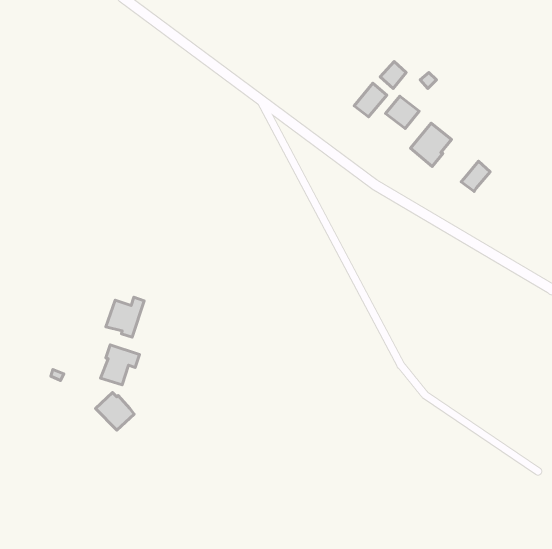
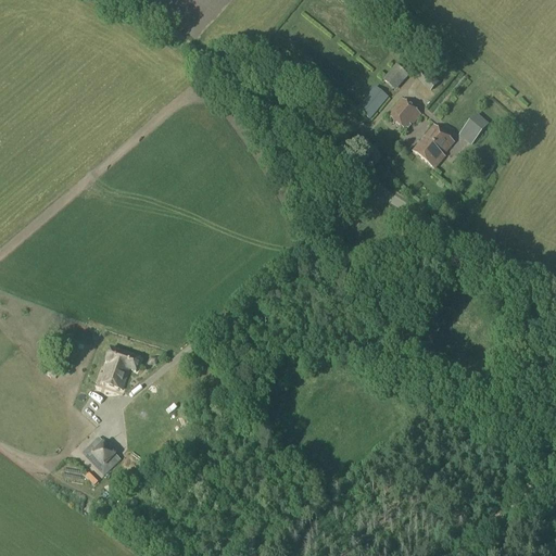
building: [461,161,490,191] -> [459,112,489,142]
building: [106,297,144,337] -> none
building: [95,392,134,430] -> [81,437,121,475]

